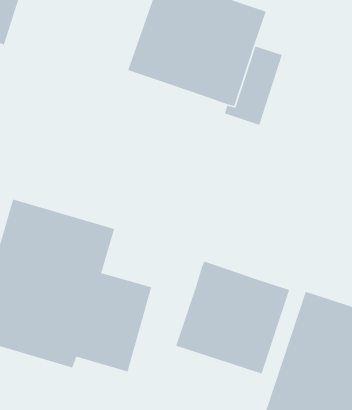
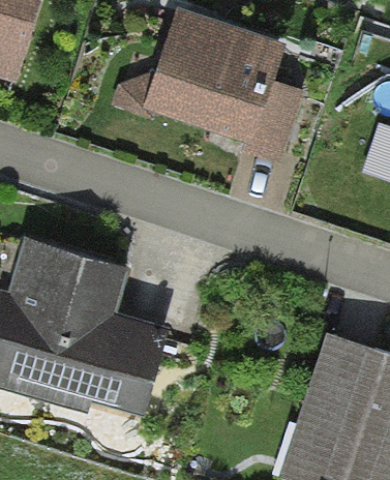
building: [175,261,290,374] -> none

